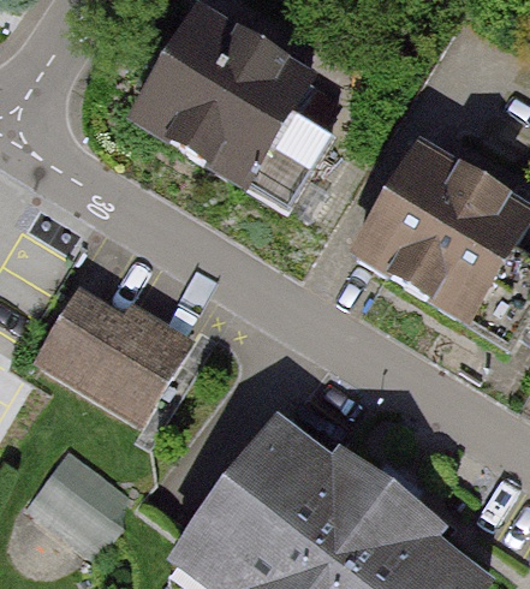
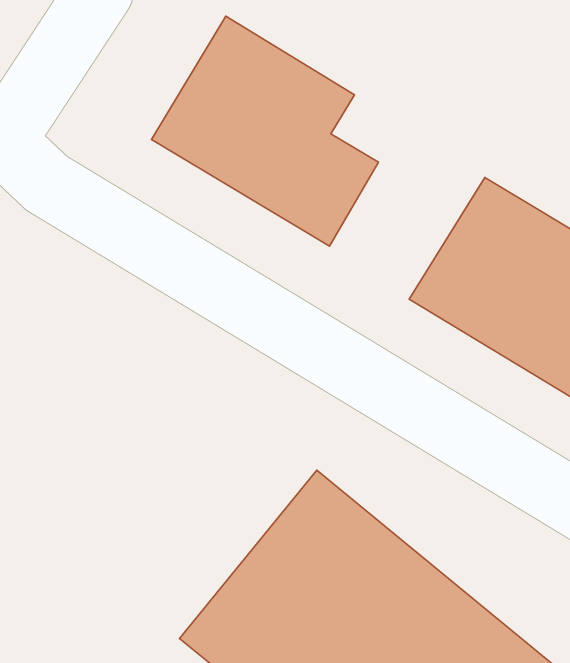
building: [24,273,190,426] -> none
building: [30,452,127,549] -> none

